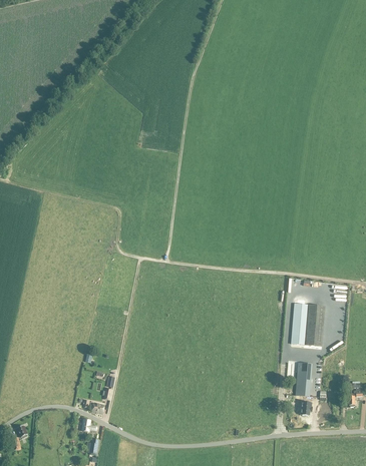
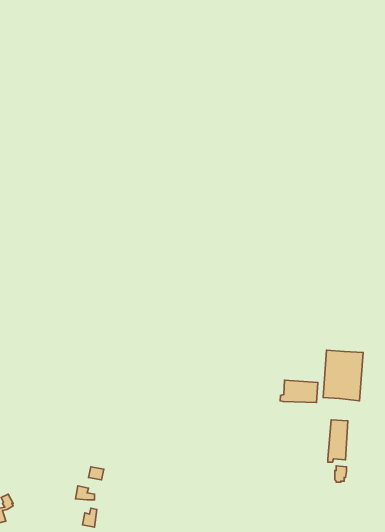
building: none -> [280,380,318,403]

